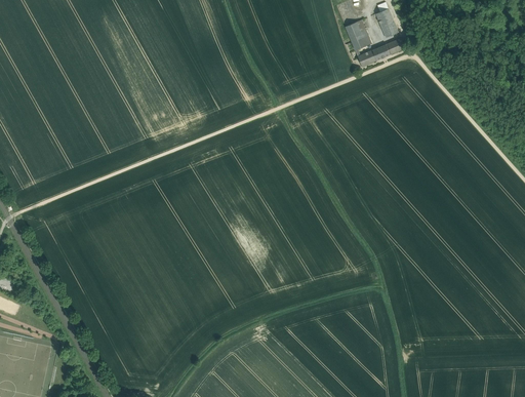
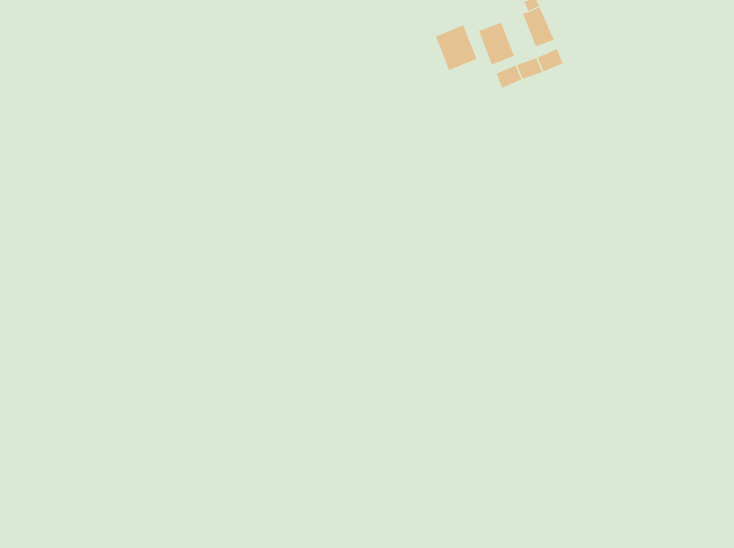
building: none -> [435,25,477,71]

